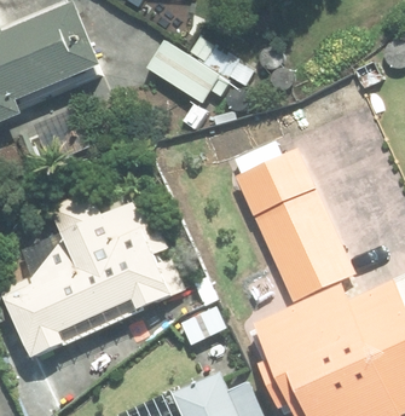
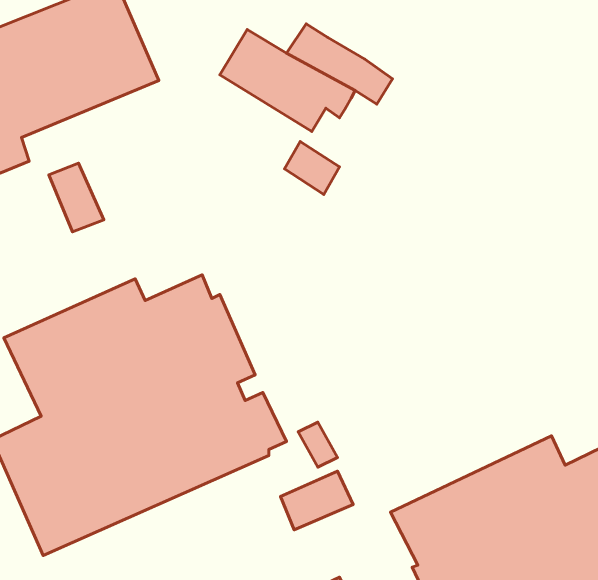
building: [233,140,353,300] -> none

